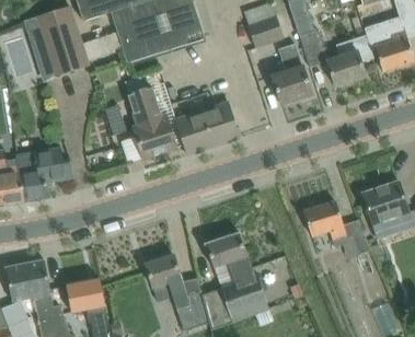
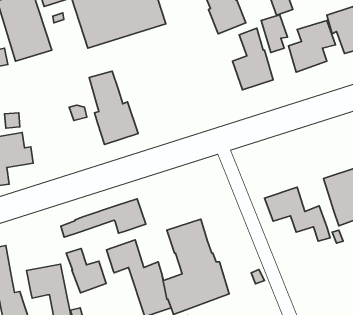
building: [174,102,239,155] -> none
building: none -> [61,199,146,237]
building: none -> [66,248,106,293]

